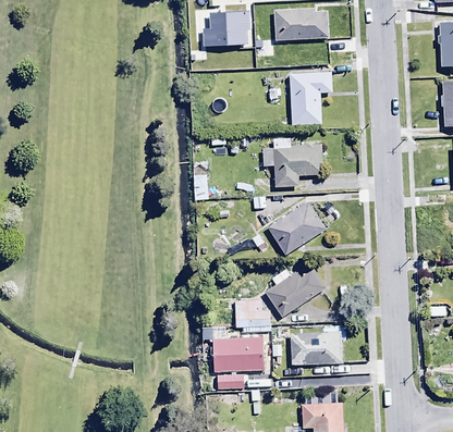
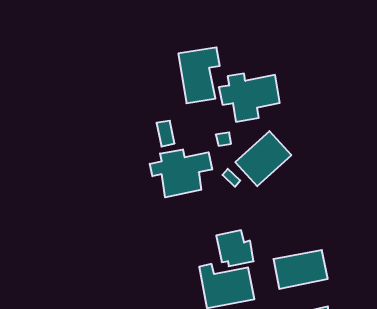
building: [292,72,332,124] -> [178,47,220,103]
building: none -> [150,149,212,197]
building: [267,263,326,317] -> none

